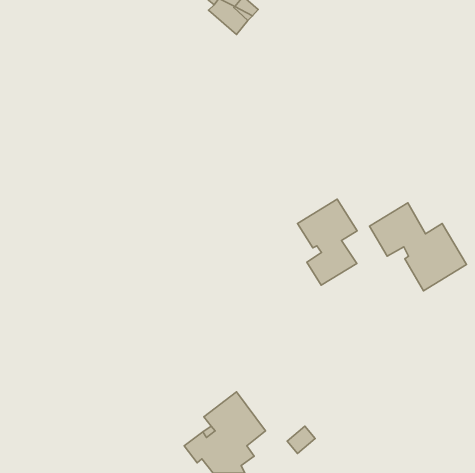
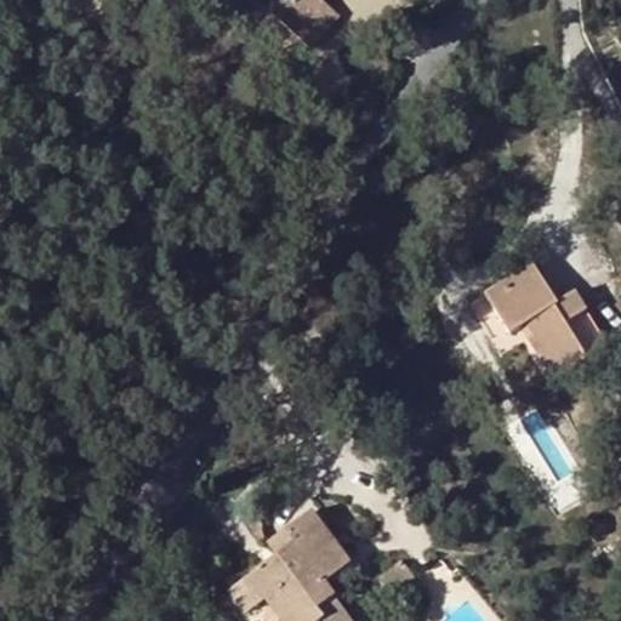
building: [297,199,357,285] -> none

